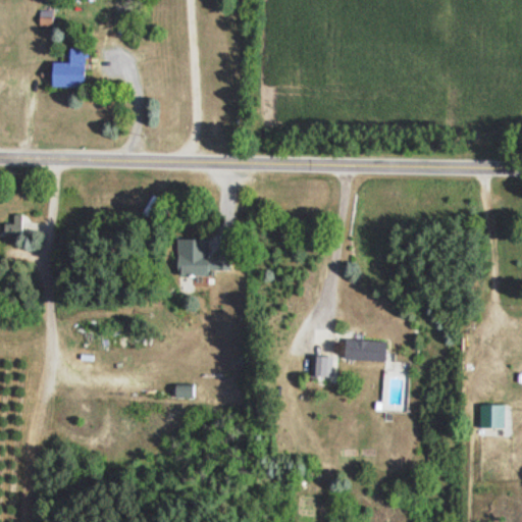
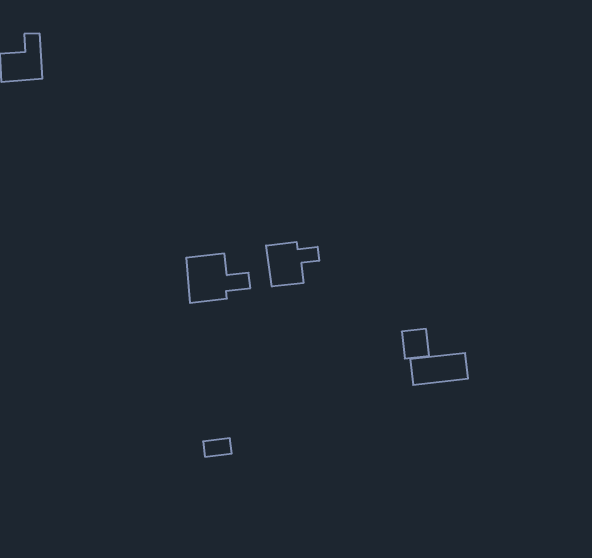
building: none -> [266,242,319,287]
building: [314,356,333,377] -> [402,329,429,359]

